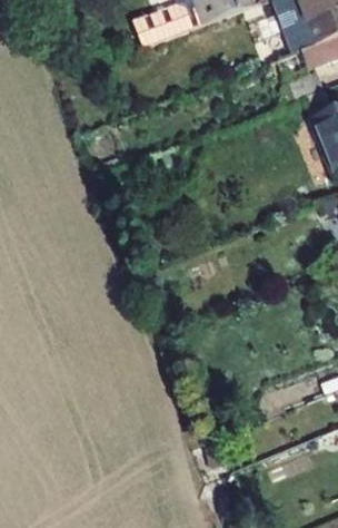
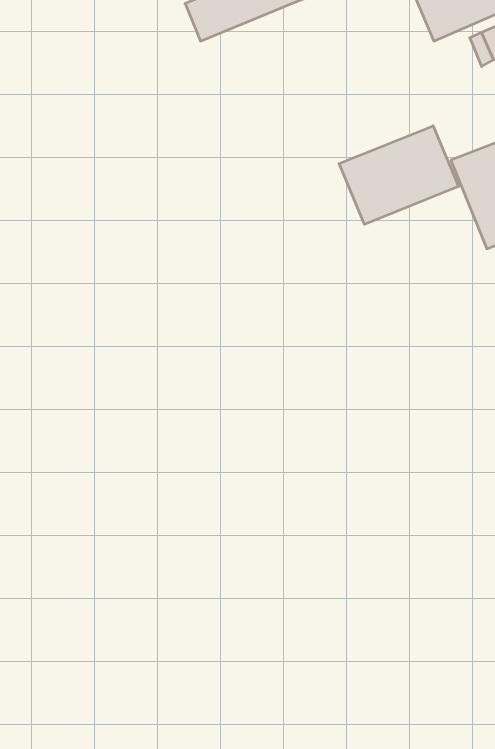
building: none -> [339,126,459,224]

